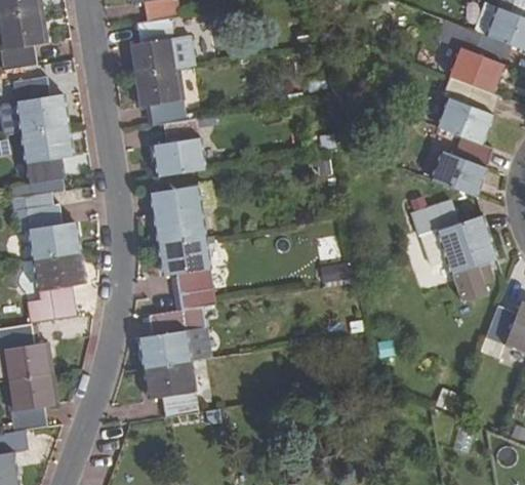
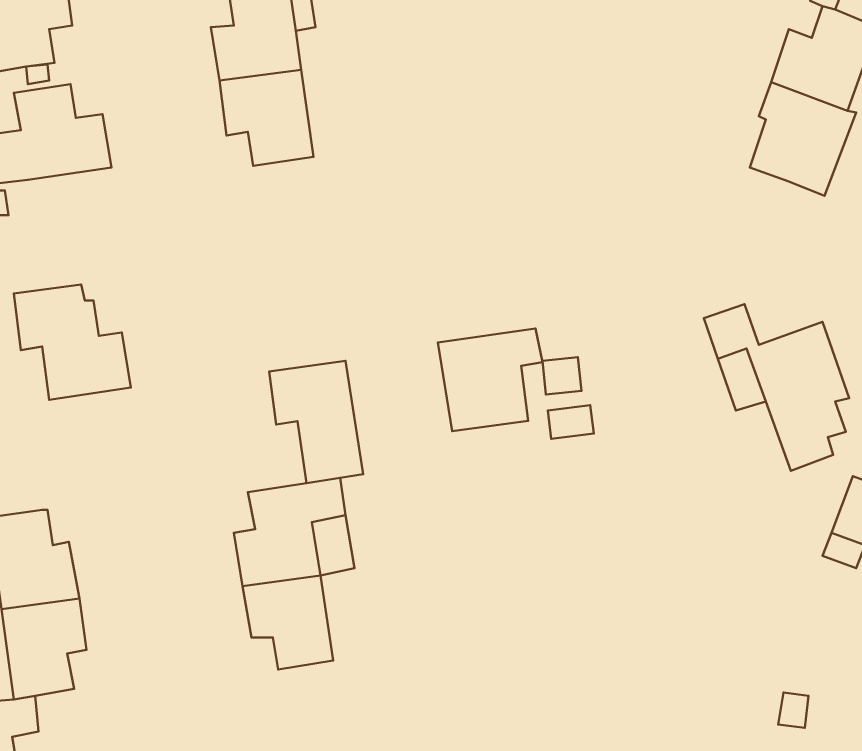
building: [152,118,204,175] -> none
building: [10,125,72,198] -> none
building: [432,133,492,195] -> none
building: [152,184,212,243] -> [438,328,543,431]
building: [25,252,84,323] -> none

